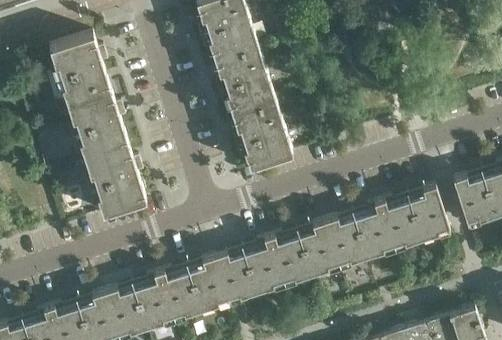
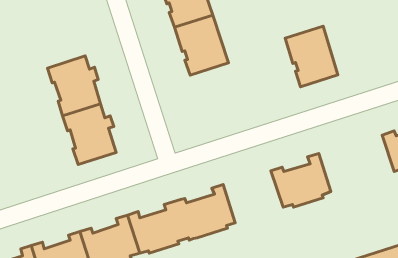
building: [49,33,110,103] -> none
building: [231,97,292,167] -> [285,26,338,87]
building: [379,185,449,245] -> none
building: [269,221,338,281] -> none

